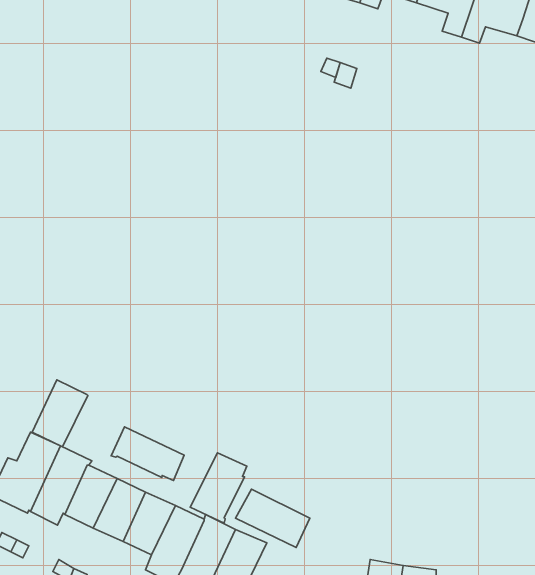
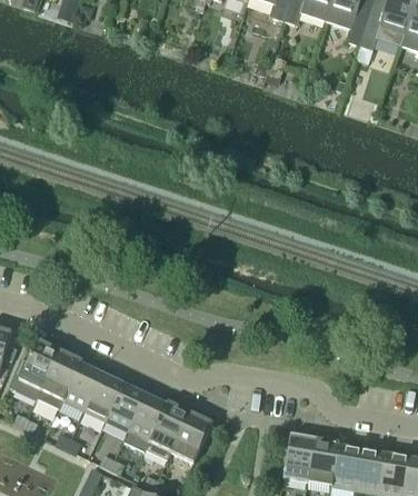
building: [32,380,88,447] -> none
building: [111,427,184,481] -> none
building: [190,453,247,523] -> none
building: [235,489,310,548] -> none

